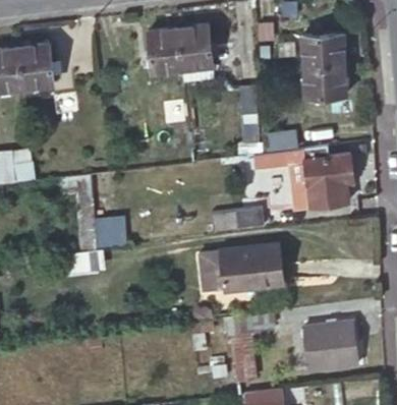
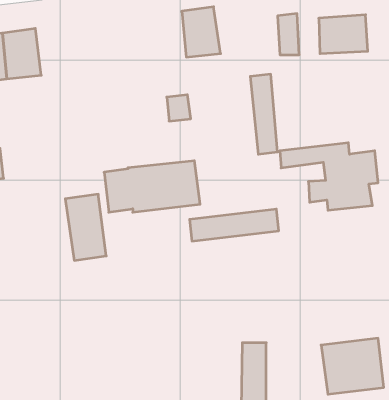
building: [145,30,182,73] -> none
building: [301,65,345,97] -> none
building: [192,248,278,294] -> [104,161,200,212]

